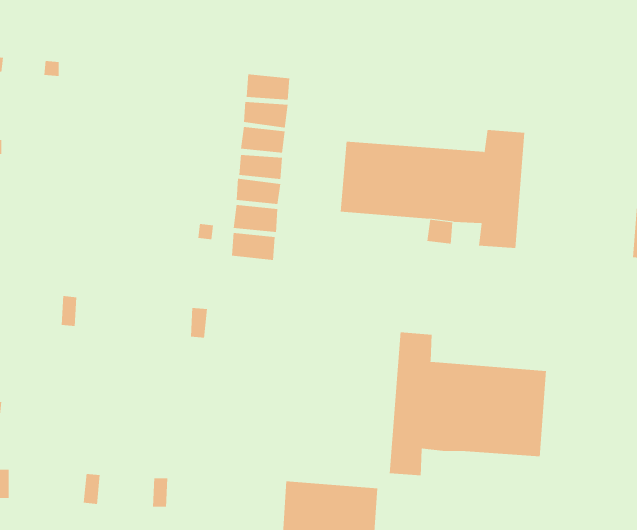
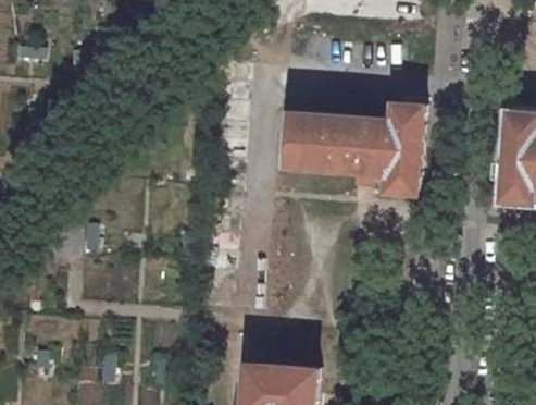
building: [389,332,546,476] -> none

